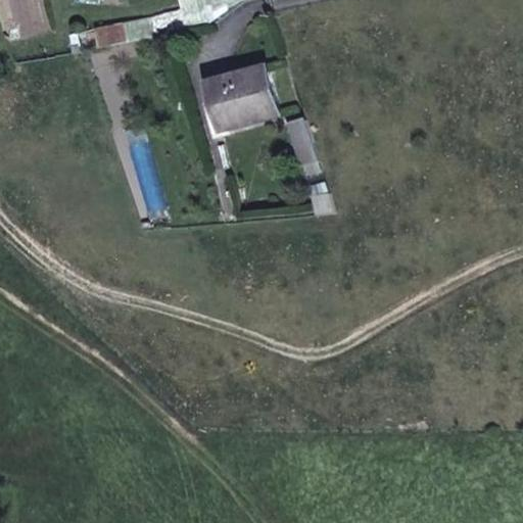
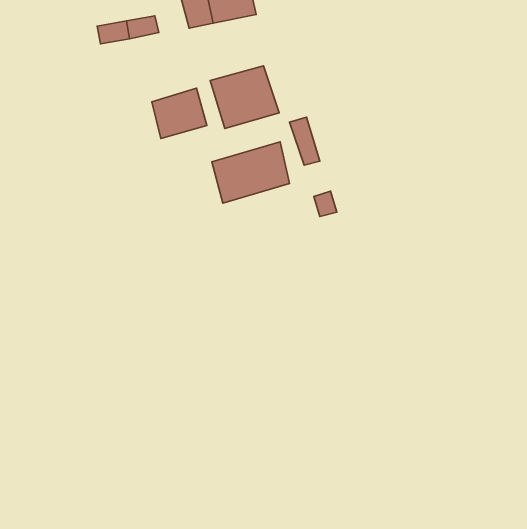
building: none -> [152,88,207,139]
building: none -> [212,142,289,203]

